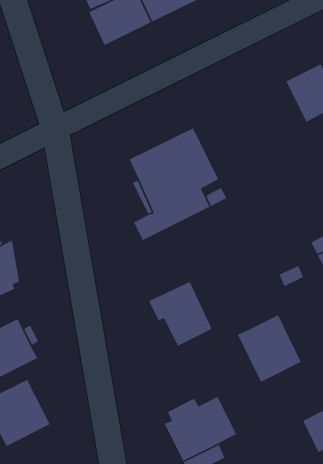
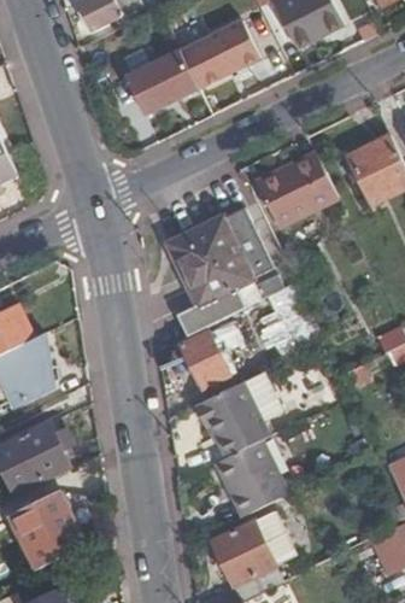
building: none -> [251,145,336,223]
building: none -> [181,329,230,386]
building: [237,314,302,382] -> [217,437,290,514]

